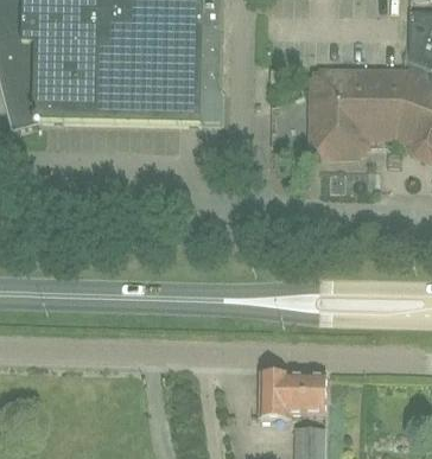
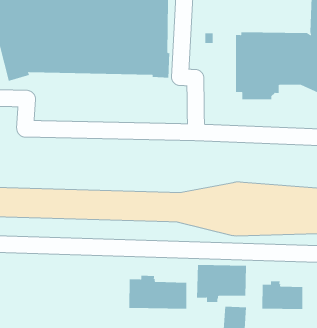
building: none -> [129,275,187,309]
building: none -> [262,281,303,310]

